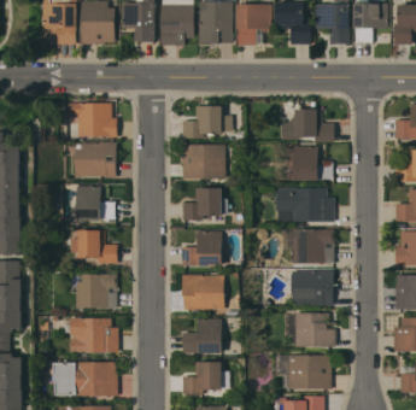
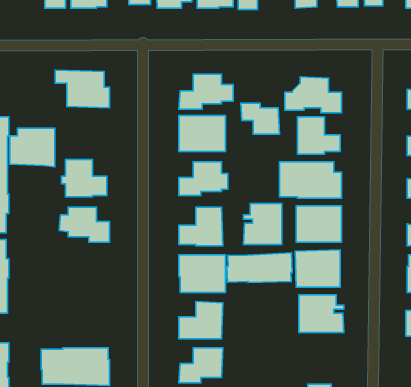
building: none -> [241,103,279,134]
building: [74,142,116,178] -> [10,128,55,167]
building: none -> [244,203,282,245]
building: none -> [227,253,292,283]
building: [76,274,117,309] -> none
building: [70,318,118,352] -> none
building: [287,355,332,390] -> none

